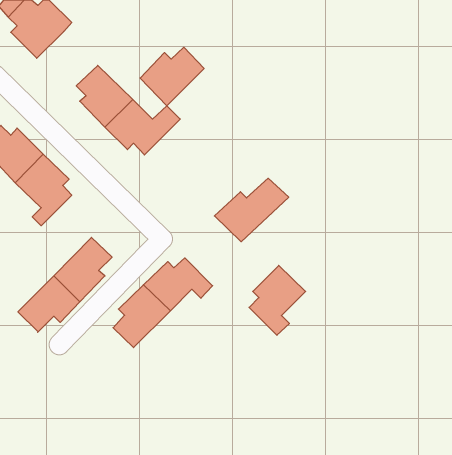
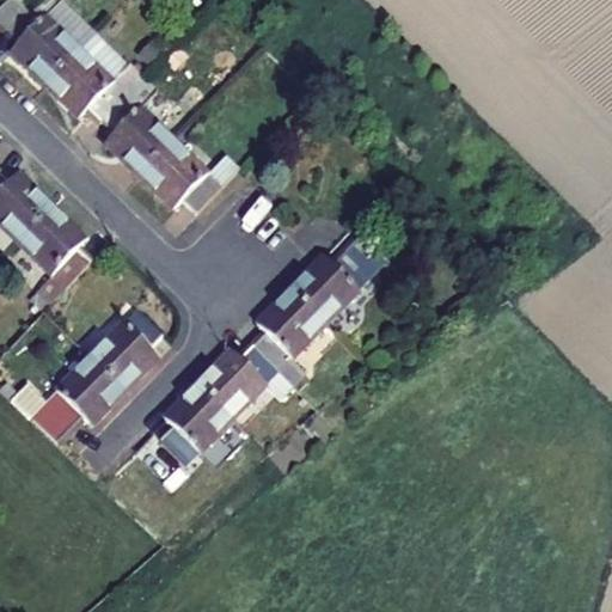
building: none -> [49,45,130,118]
building: [140,47,204,106] -> none
building: [249,265,306,335] -> [246,292,322,385]

